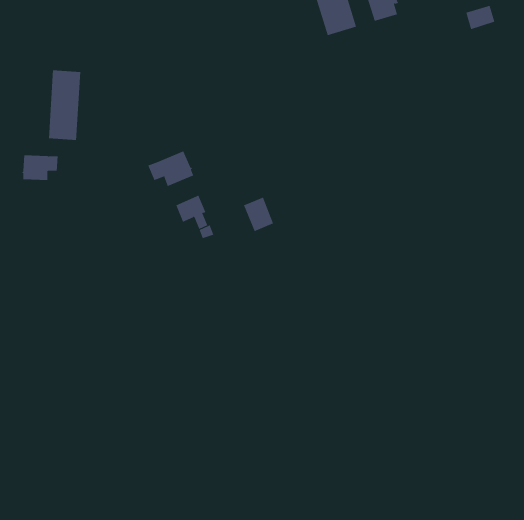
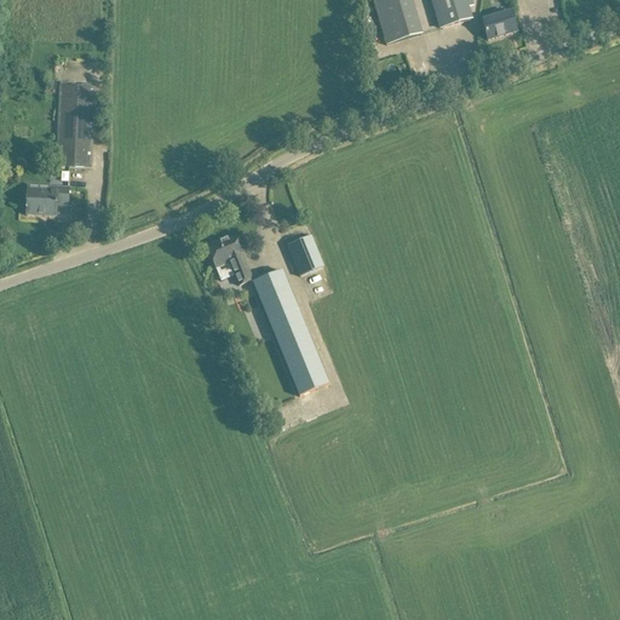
building: [465,5,495,30] -> [482,8,517,38]
building: [147,151,194,187] -> none
building: none -> [253,269,328,394]

